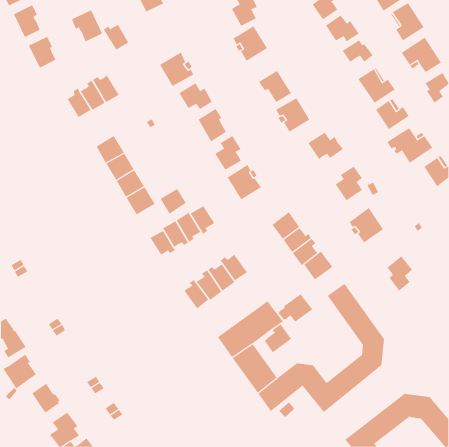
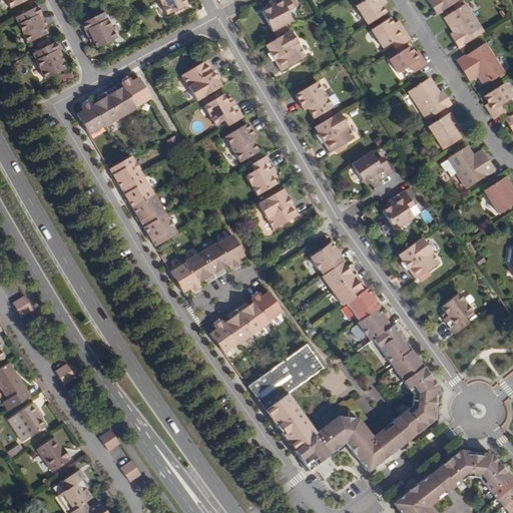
building: [103,24,129,51] -> [120,76,150,106]
building: [160,188,187,215] -> none
building: [278,293,313,322] -> [351,307,391,340]
building: [264,324,292,353] -> none

